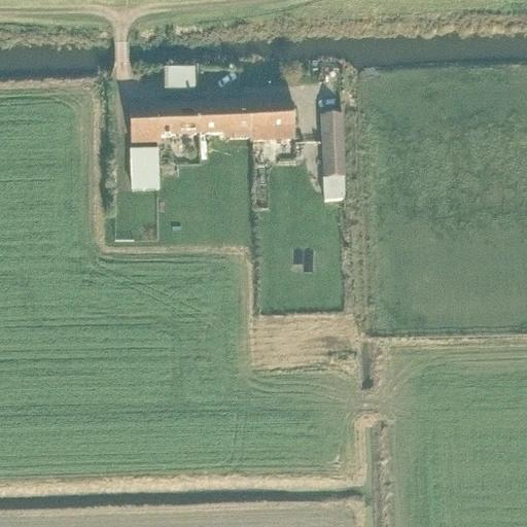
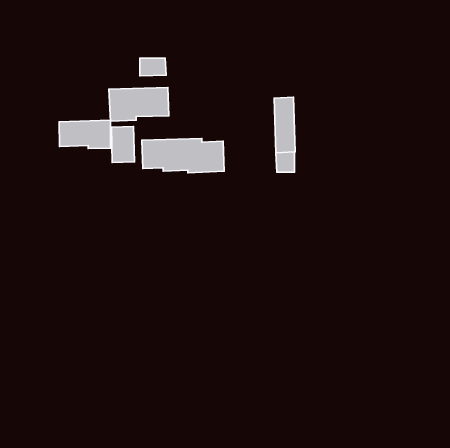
building: [198,100,293,140] -> [142,139,224,173]
building: none -> [59,120,110,149]

